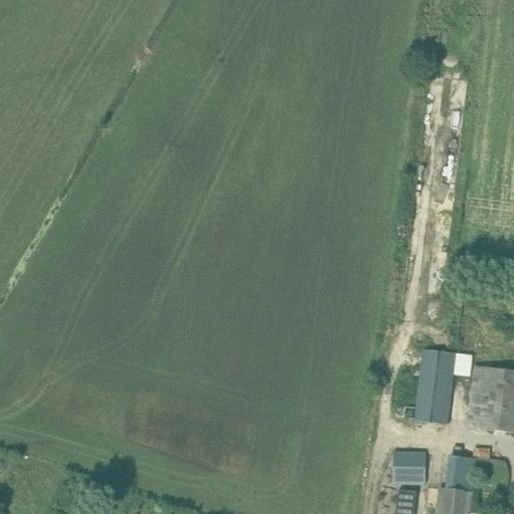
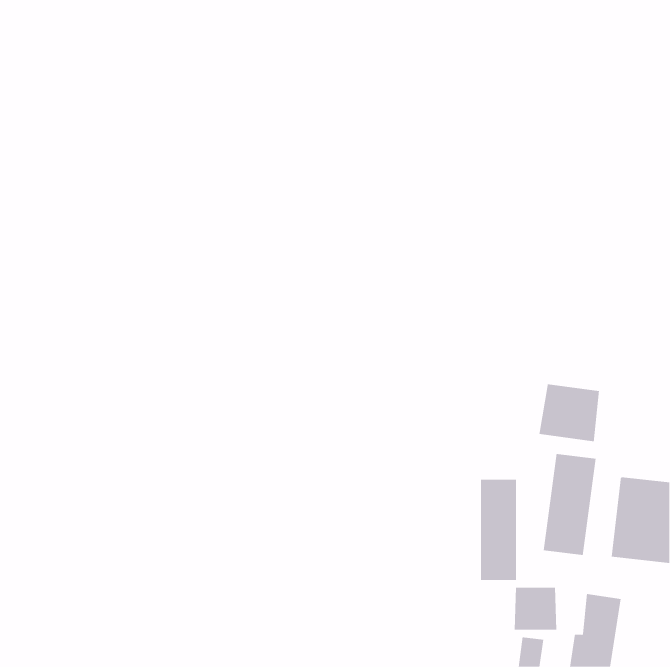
building: none -> [539,383,599,442]
building: none -> [481,479,517,581]

